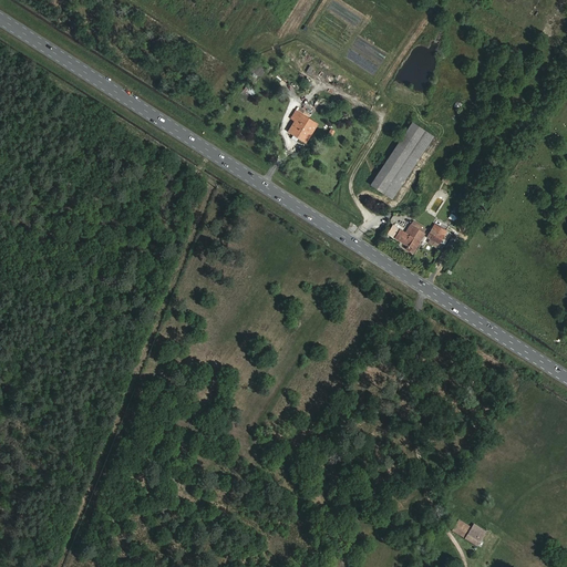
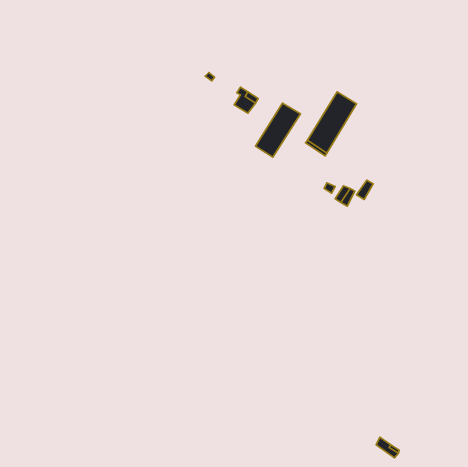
building: none -> [255,103,301,157]

